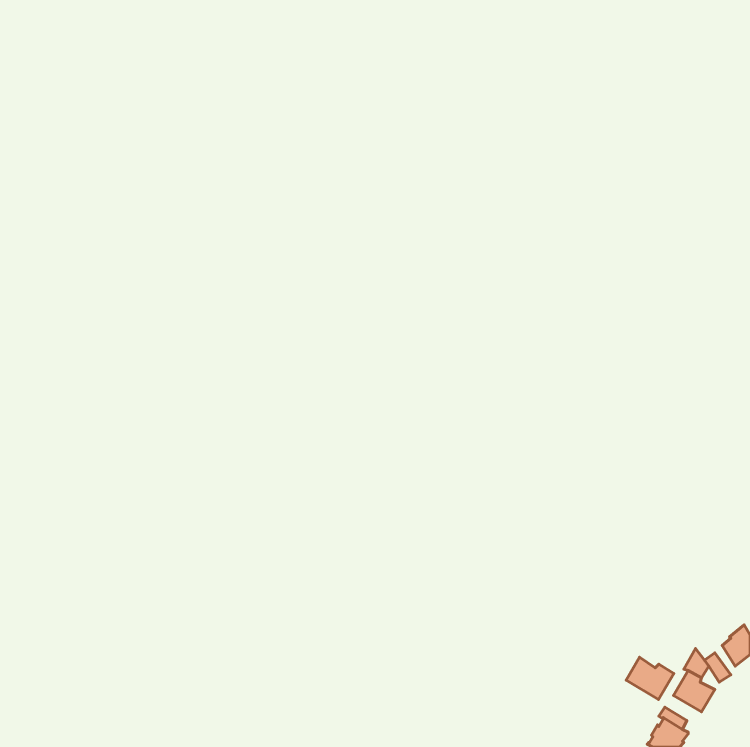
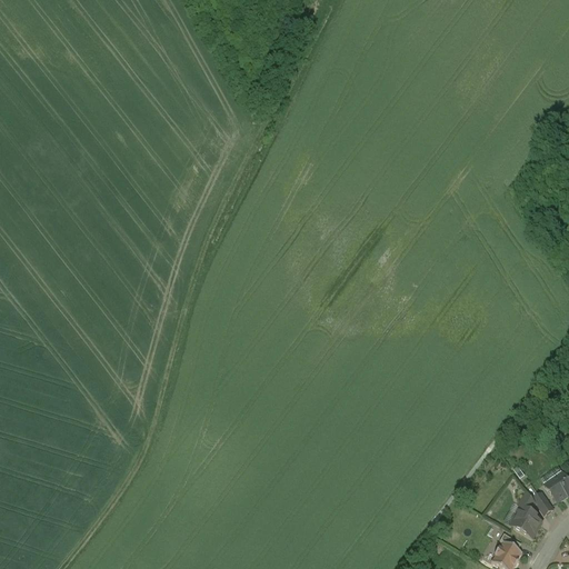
building: [626,657,674,699] -> none

